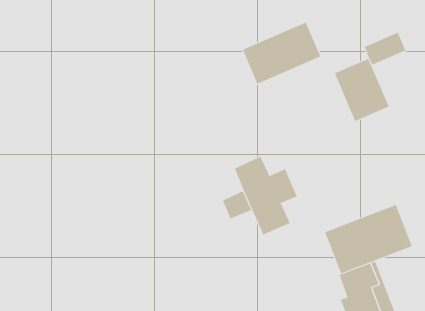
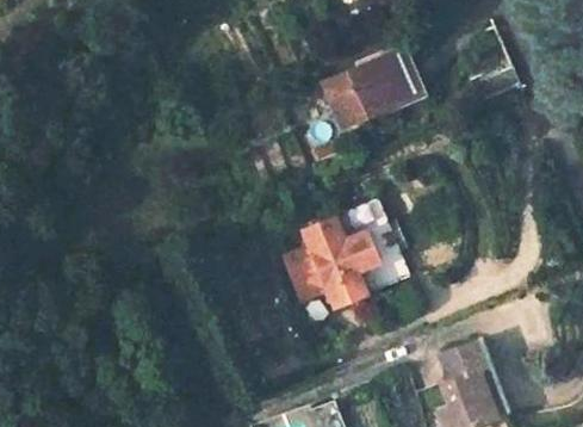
building: [334,58,389,122] -> none
building: [325,204,412,274] -> none

